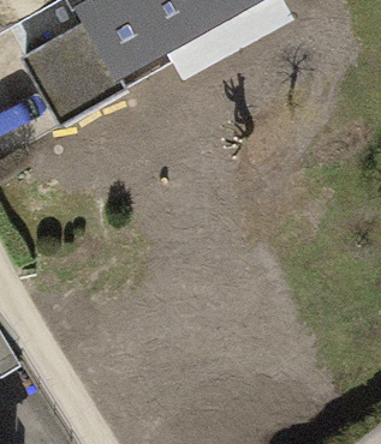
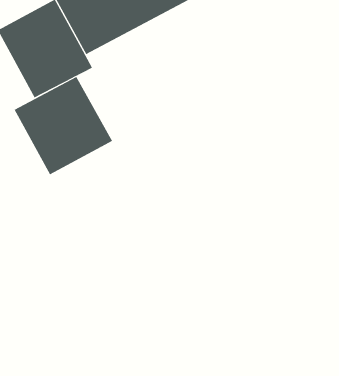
building: none -> [14,76,113,175]

